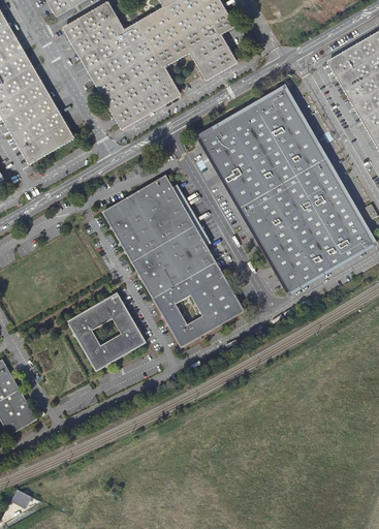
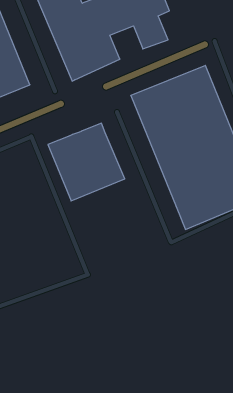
building: [141,240,244,346] -> none
building: [67,291,146,370] -> none

